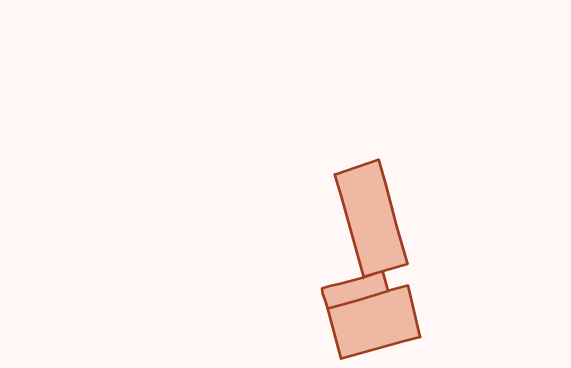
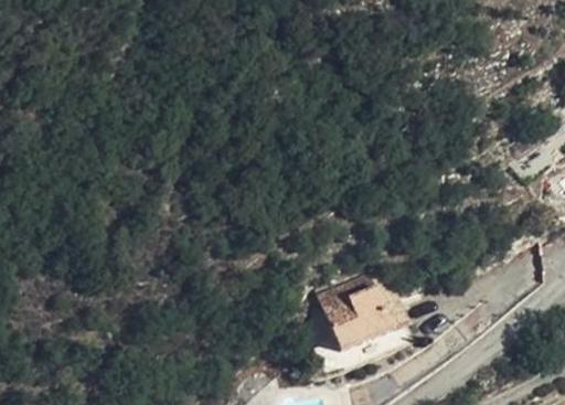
building: [335,160,407,277] -> none

